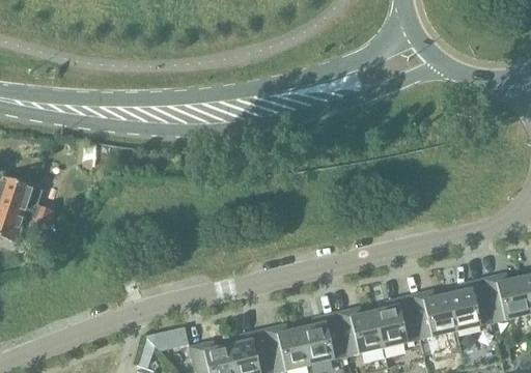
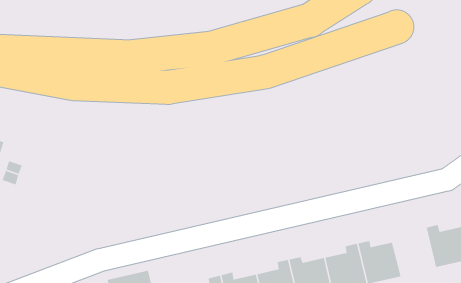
building: [446,279,492,332] -> none

